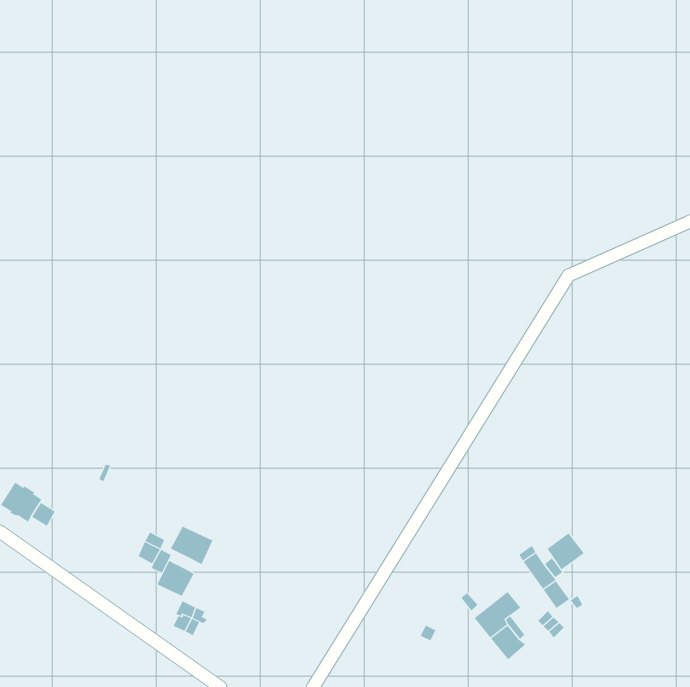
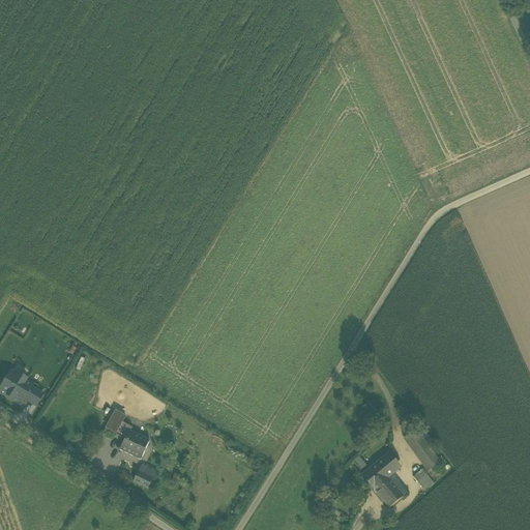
building: [170,526,213,565] -> none
building: [547,532,585,570] -> none

